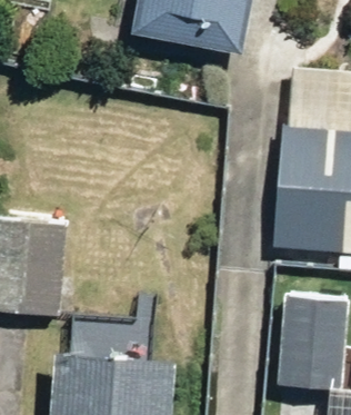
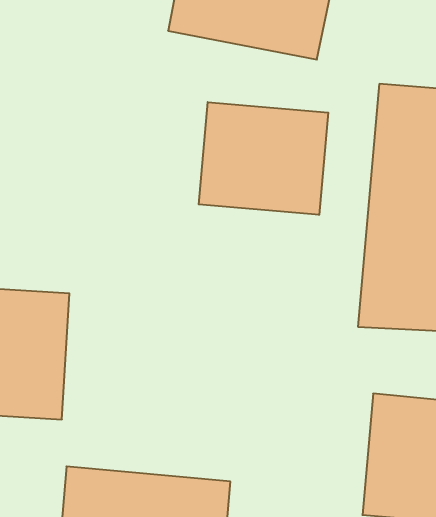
building: none -> [199,102,328,215]

